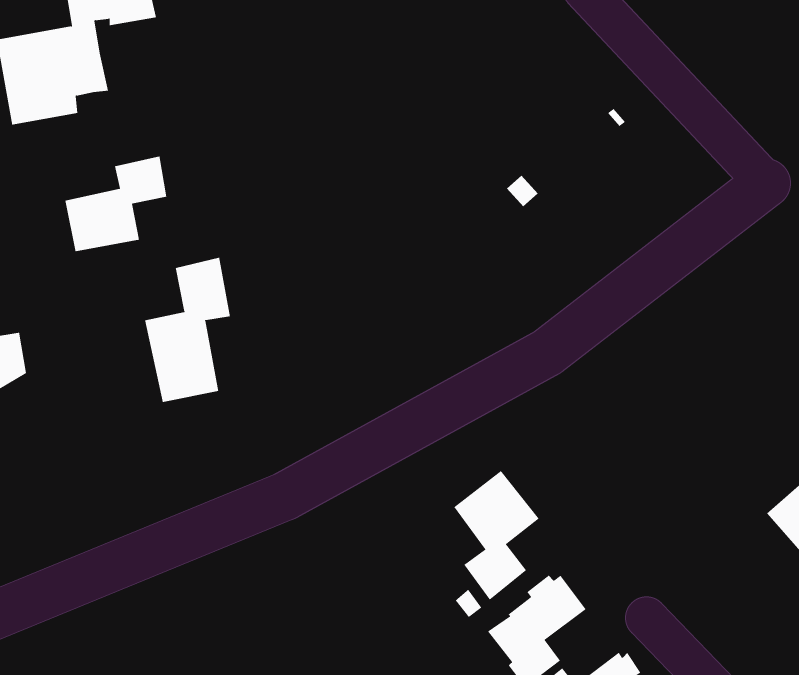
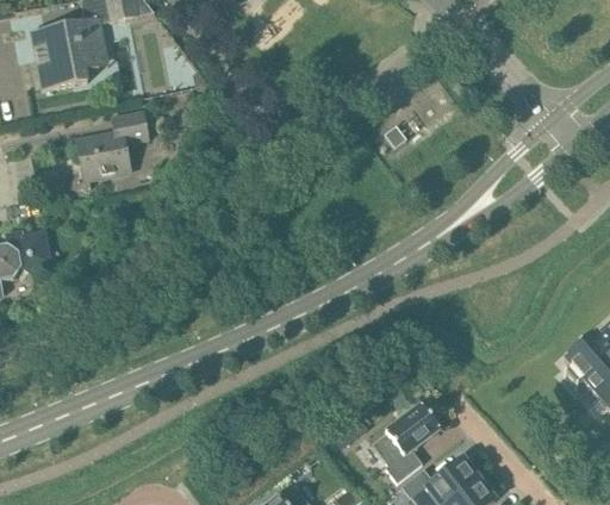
building: [145,257,230,403] -> none
building: [453,470,540,601] -> none

